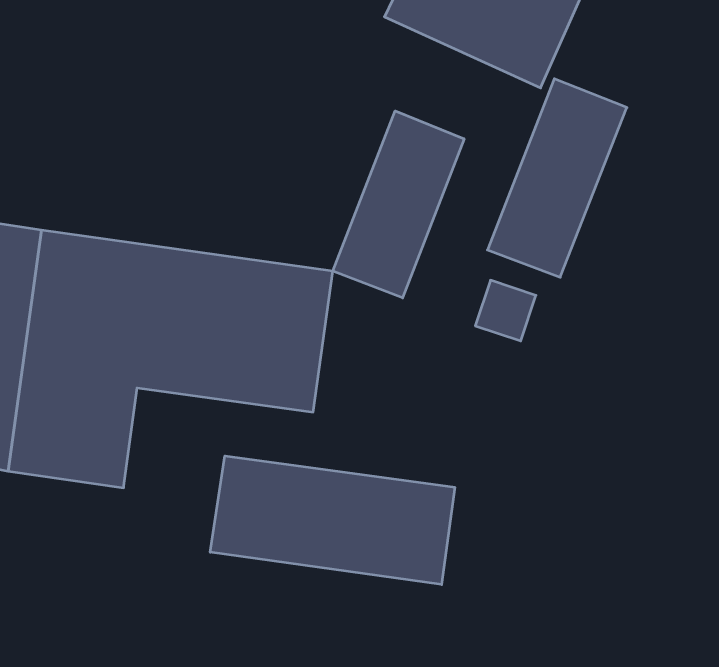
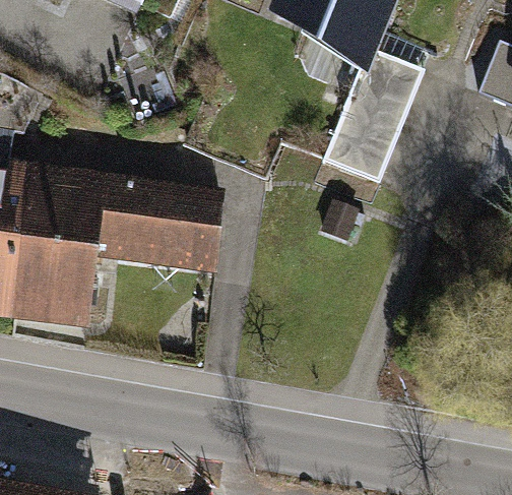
building: [333,111,464,298] -> none
building: [210,456,455,585] -> none

